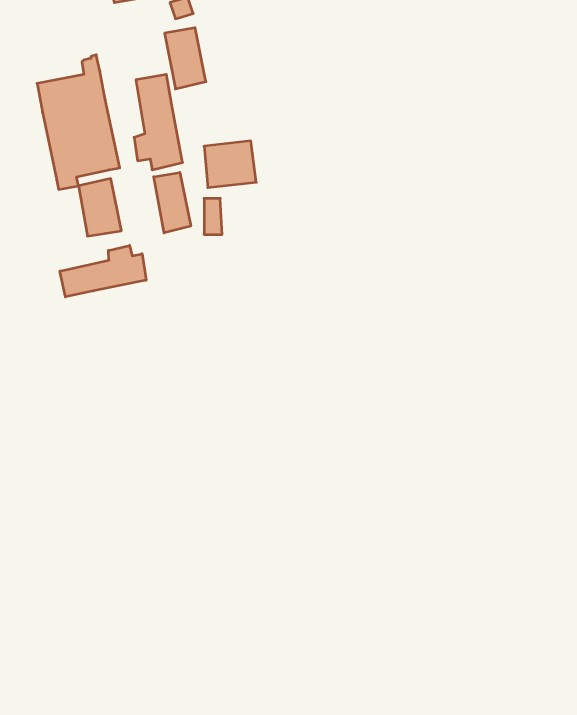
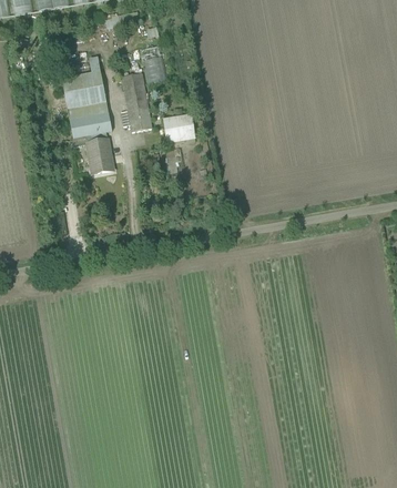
building: [154,172,191,233] -> none
building: [60,245,146,297] -> none

